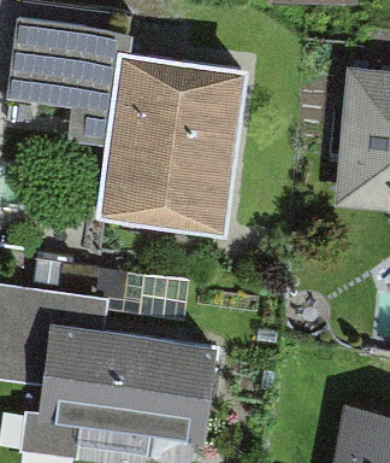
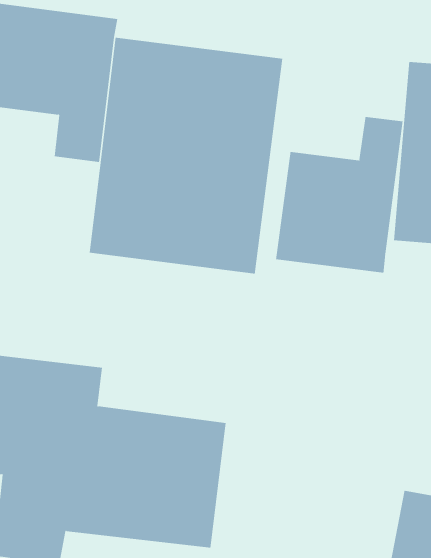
building: none -> [276,116,403,274]

